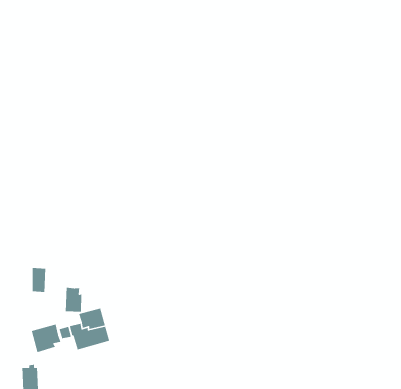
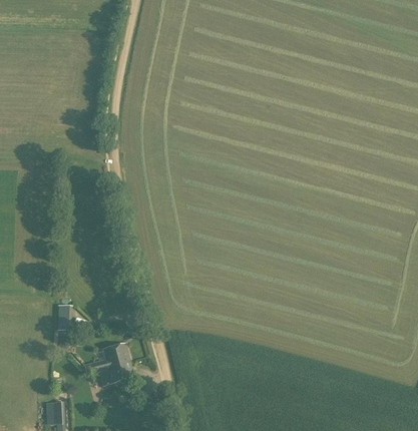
building: [65,287,82,312] -> none
building: [31,324,61,353] -> none

